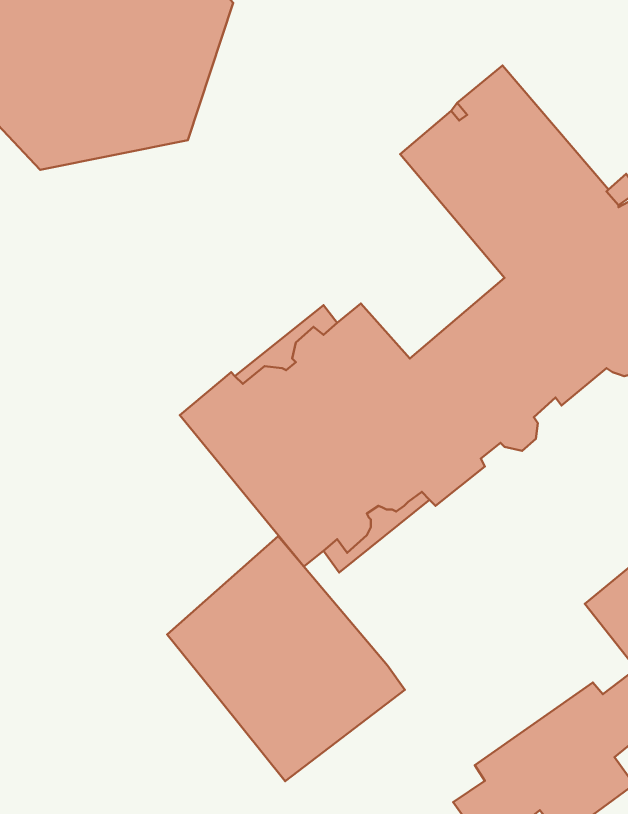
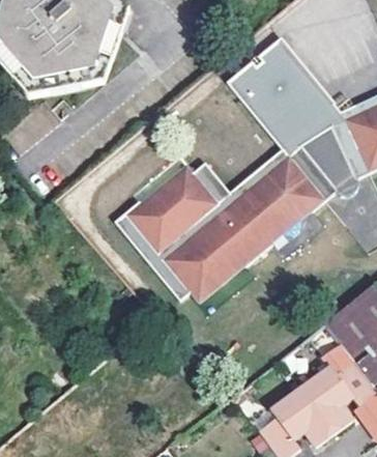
building: [167,536,405,781] -> none

